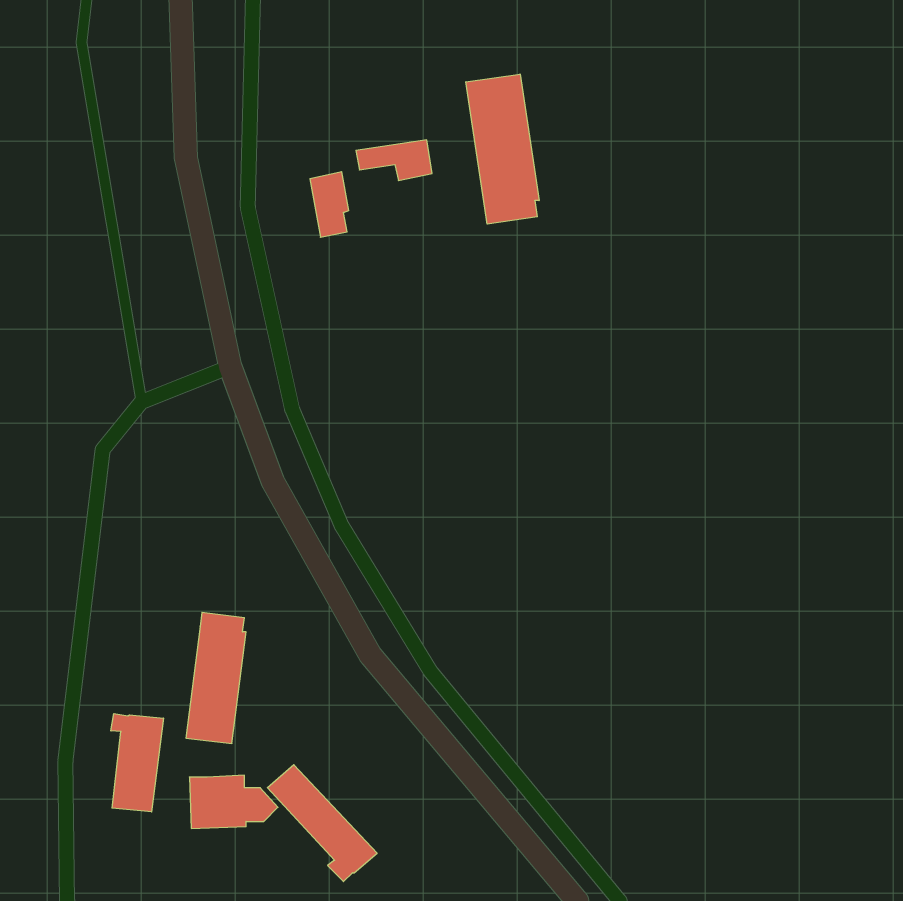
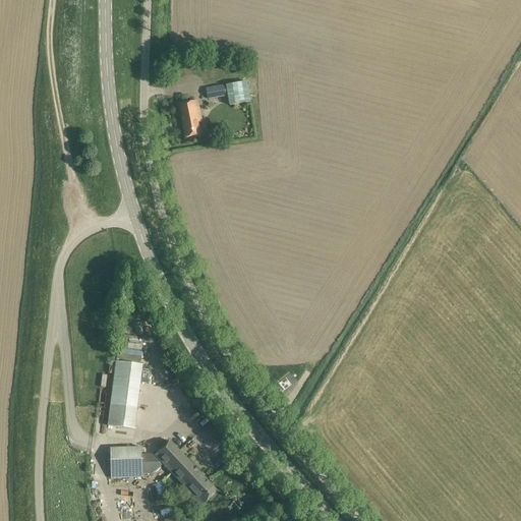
building: [466,74,539,224] -> none
building: [111,714,163,812] -> none

